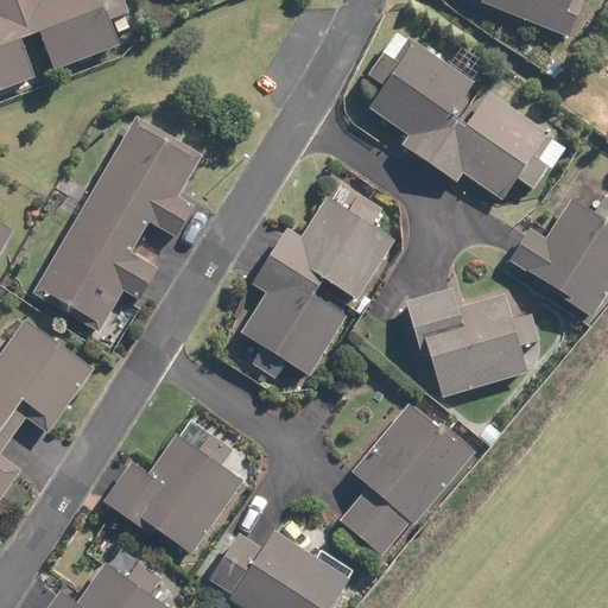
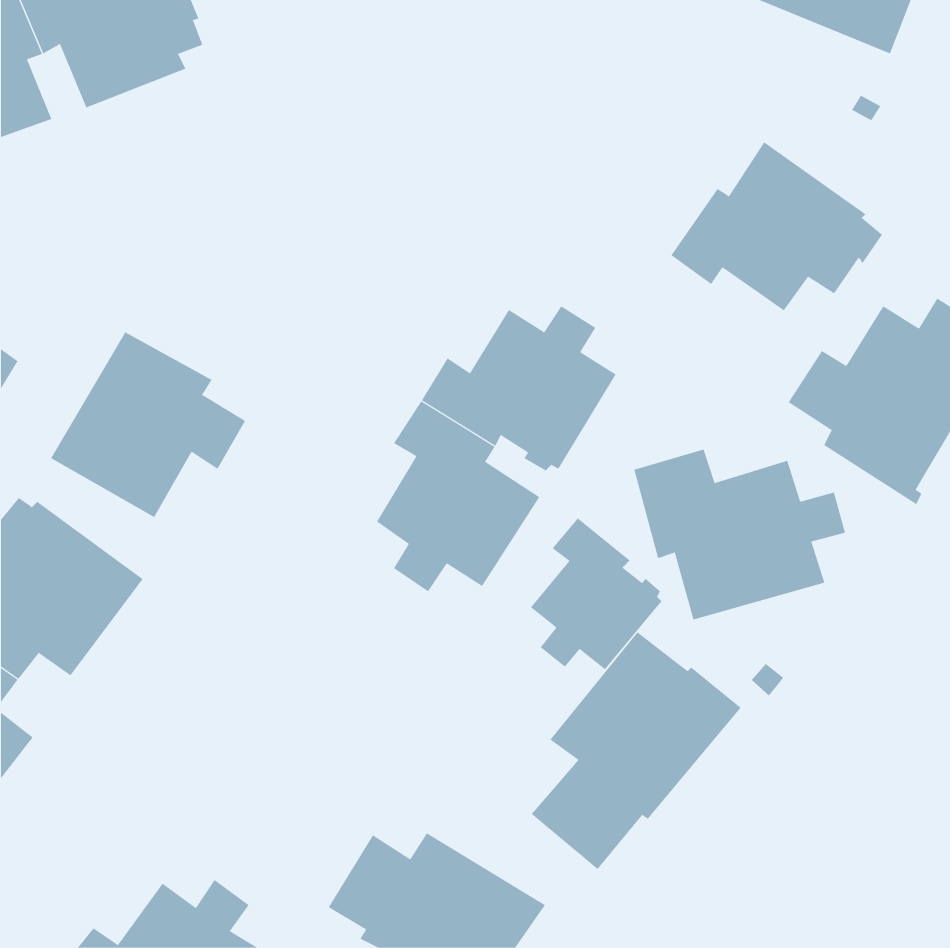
building: [368,33,471,163] -> none
building: [81,116,202,242] -> none
building: none -> [530,517,662,670]
building: [104,432,243,552] -> none

